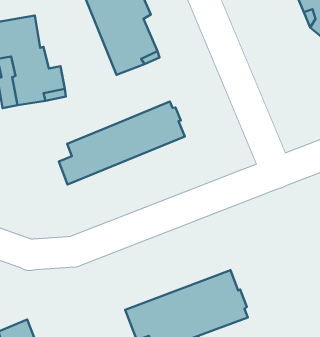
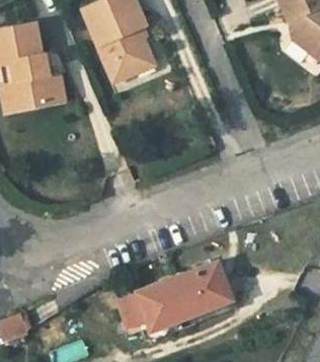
building: [59,102,185,184] -> none

